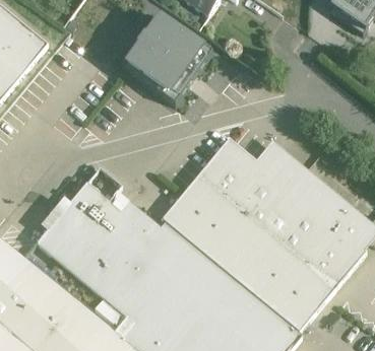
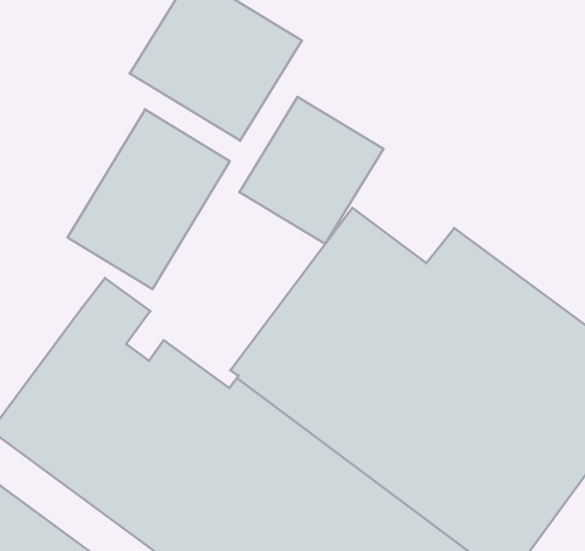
building: none -> [239,97,383,244]
building: none -> [68,109,230,289]

